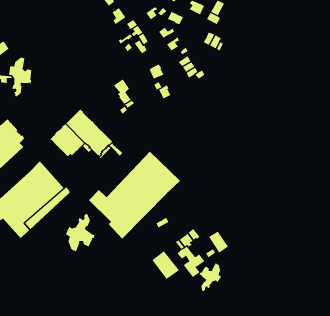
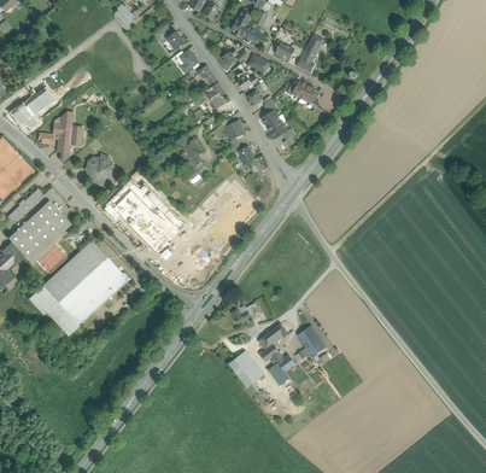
building: none -> [86,153,115,183]
building: [88,151,181,240] -> none
building: [65,213,95,252] -> none
building: [199,263,222,292] -> none

